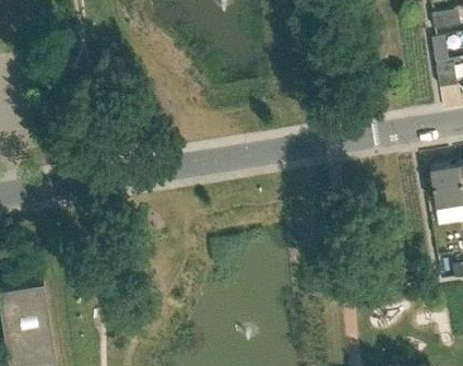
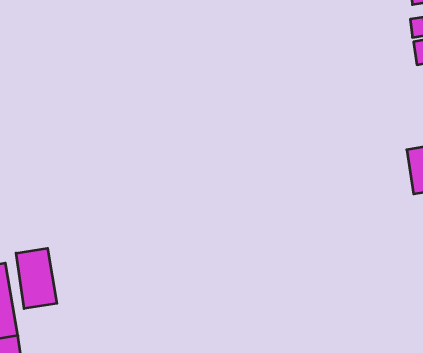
building: none -> [16,248,57,309]

